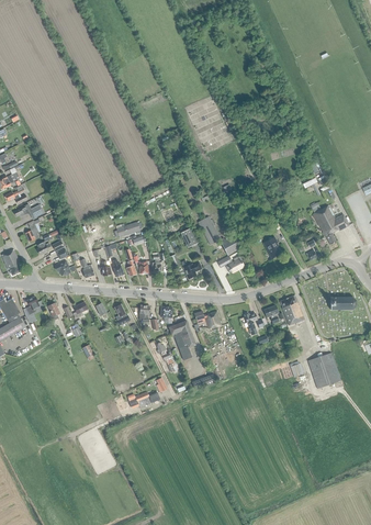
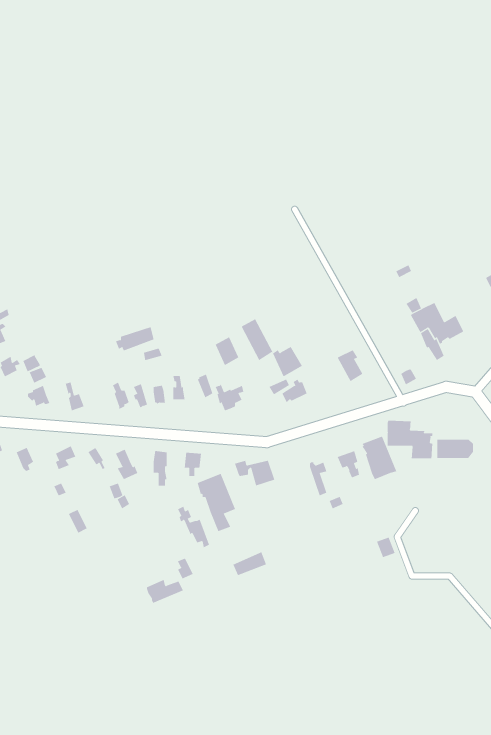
building: none -> [387,420,433,459]
building: [307,351,341,388] -> none

